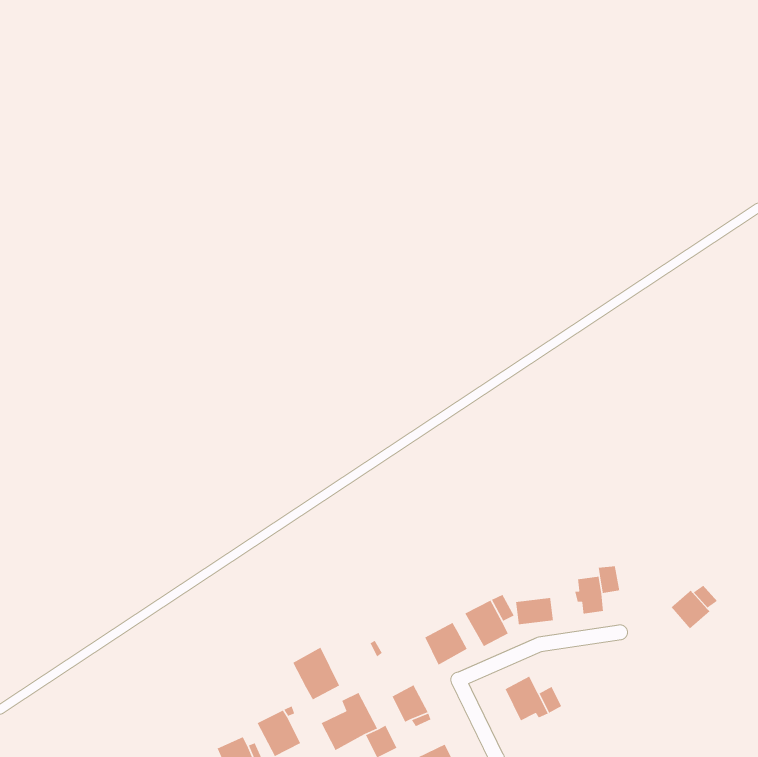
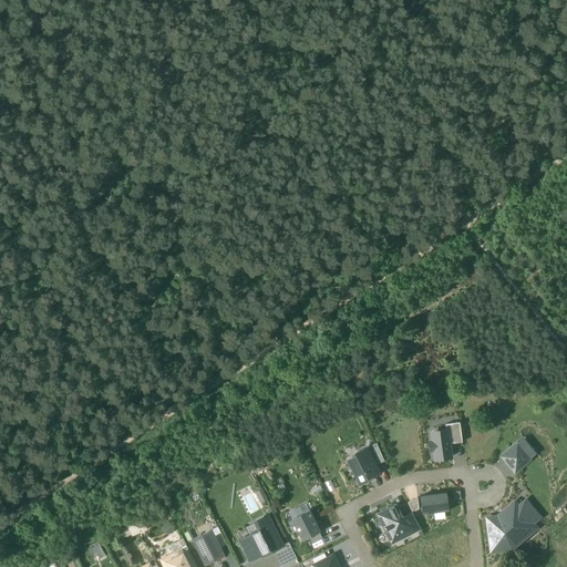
building: [515,597,554,625] -> [420,493,449,514]
building: [424,622,468,666] -> none
building: [292,647,340,701] -> none
building: none -> [489,502,538,548]

